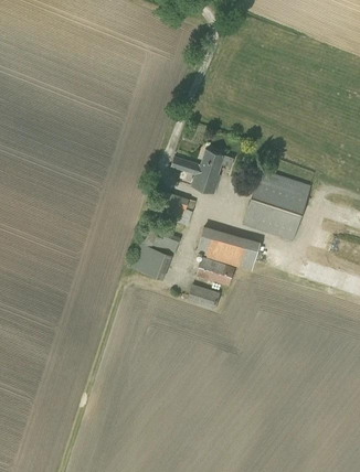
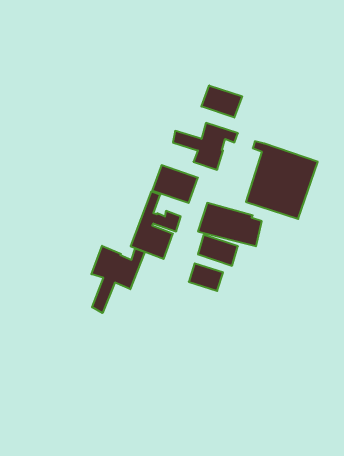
building: none -> [201,85,242,118]
building: none -> [91,246,145,313]

